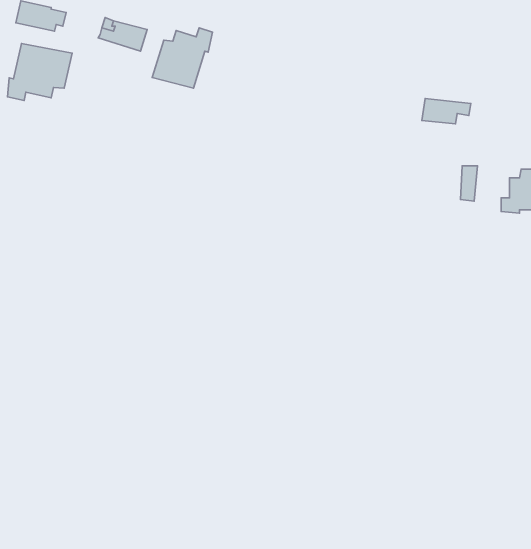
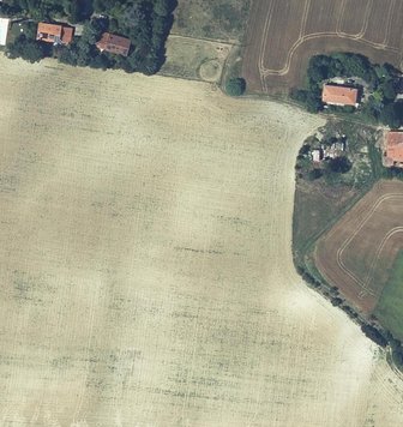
building: [152,28,213,88] -> none
building: [7,44,72,100] -> none

